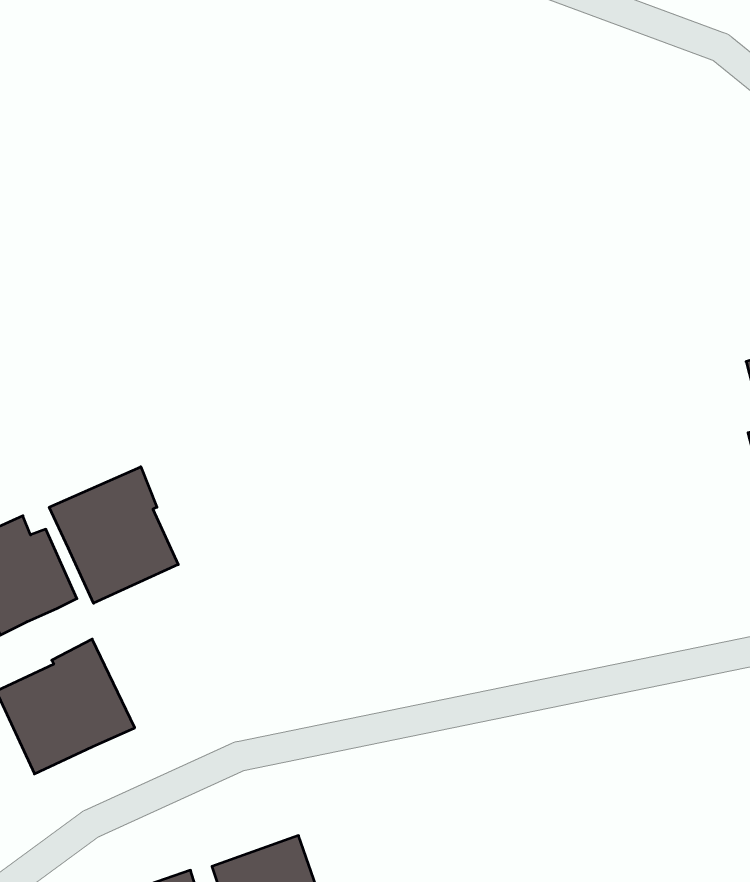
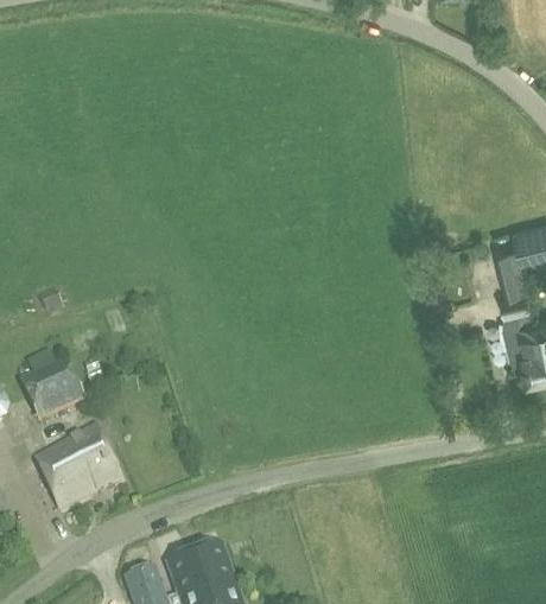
building: [49,467,178,603] -> none

